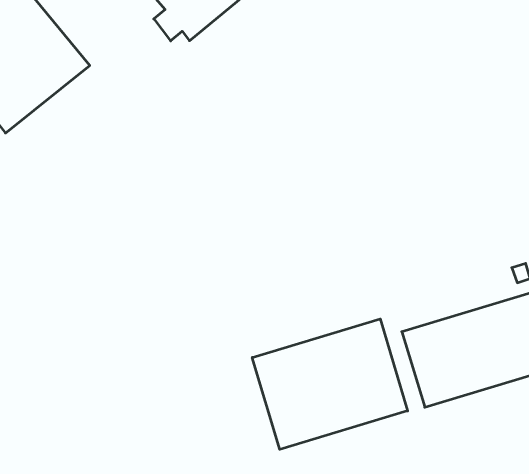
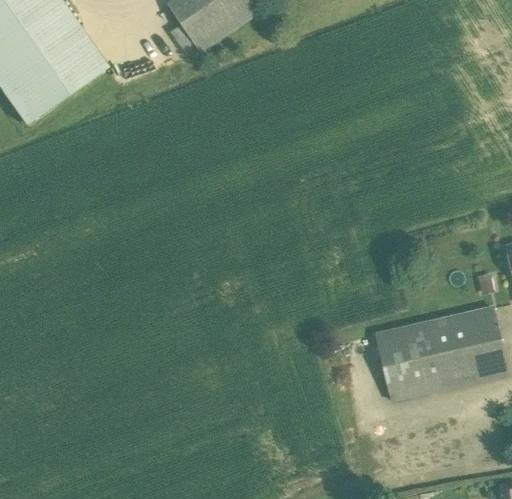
building: [252,319,408,449] -> none

